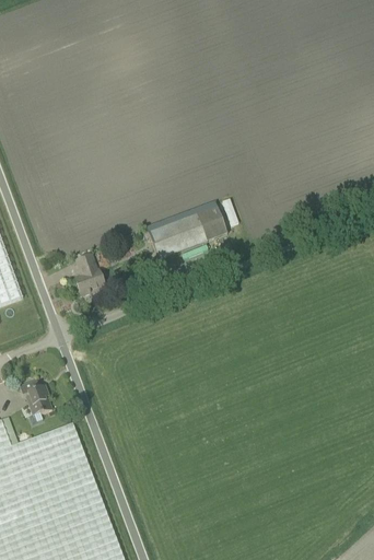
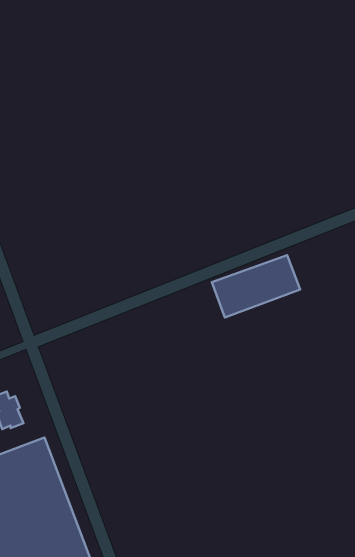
building: [145,202,227,260] -> [212,255,300,318]
building: [75,256,105,296] -> none

